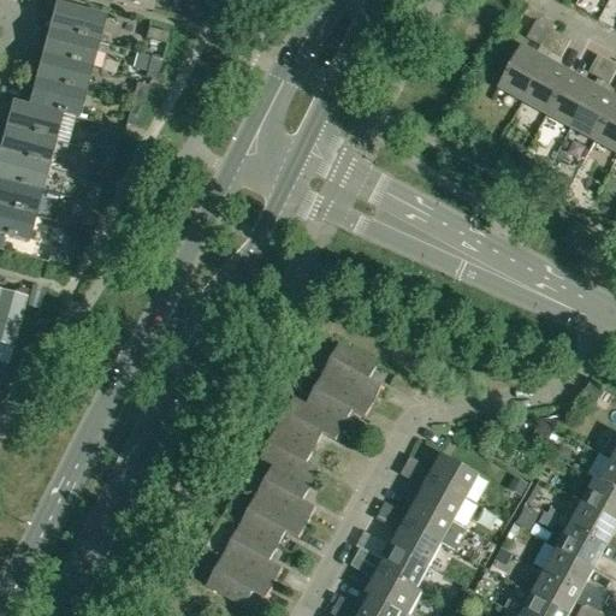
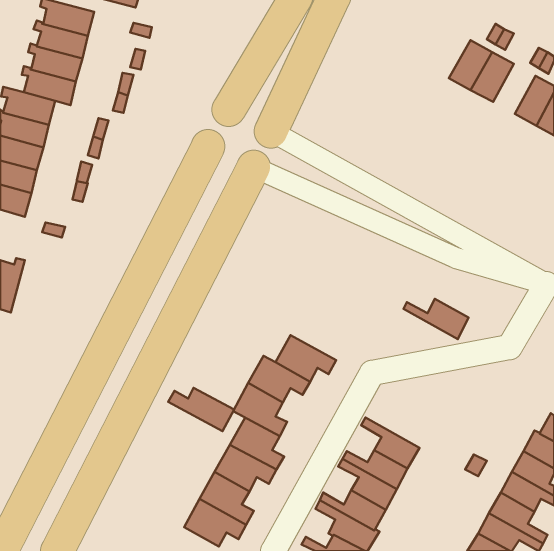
building: [547,71,594,126] -> none
building: [322,342,381,399] -> none
building: none -> [168,388,234,431]
building: [405,452,478,497] -> [404,299,469,339]

